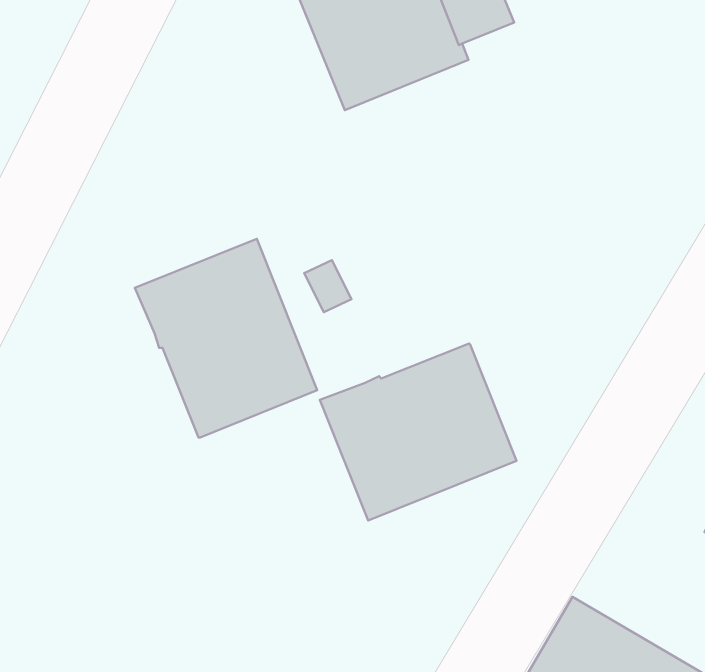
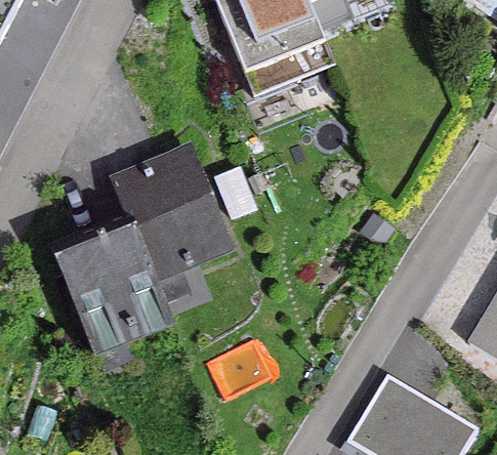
building: none -> [52,215,171,349]
building: [320,343,516,520] -> none

